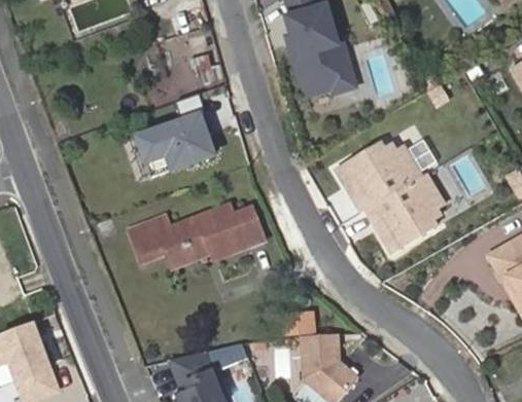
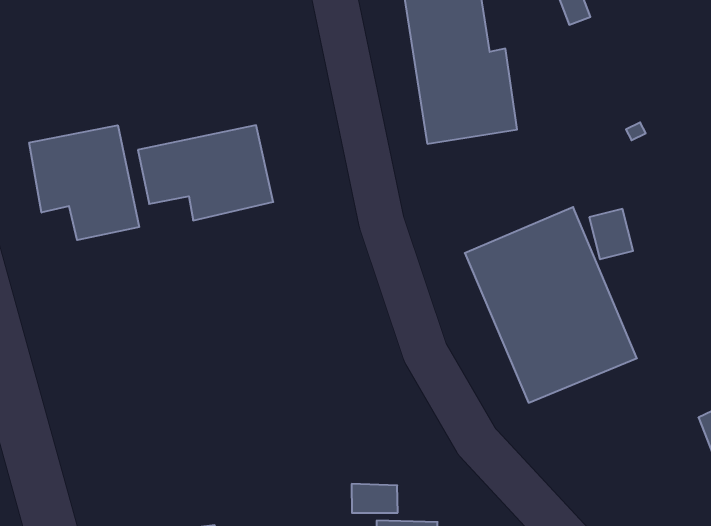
building: none -> [29,125,139,240]
building: [127,205,266,267] -> none

